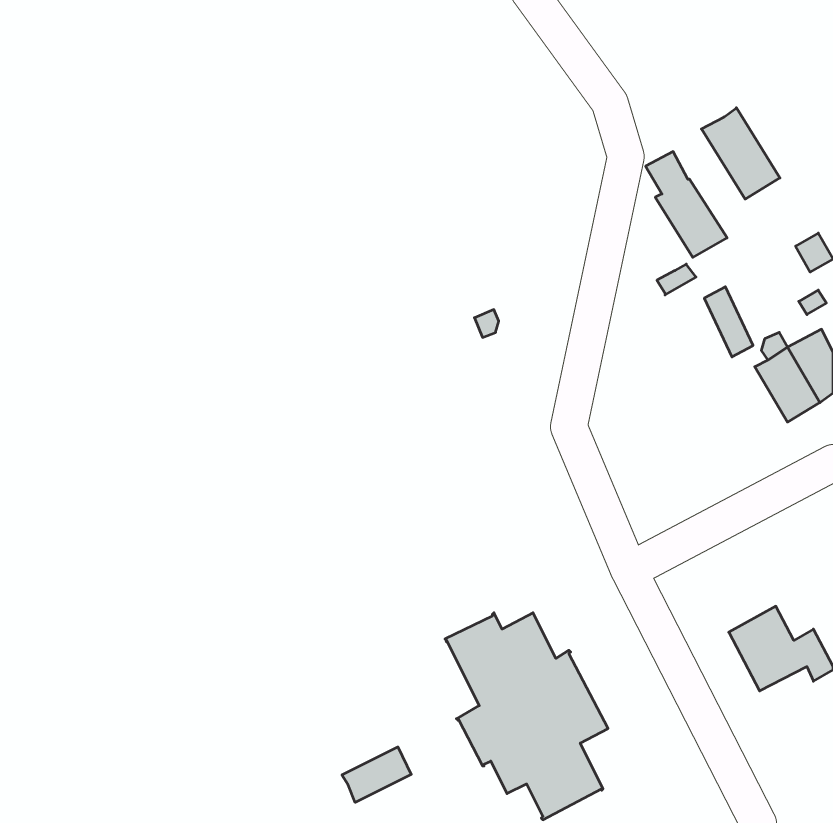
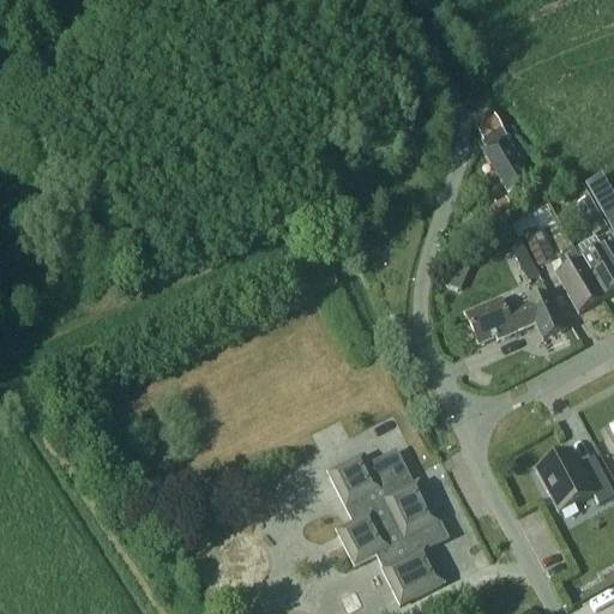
building: [701,108,780,199] -> none
building: none -> [464,289,565,343]
building: [342,747,411,802] -> none

